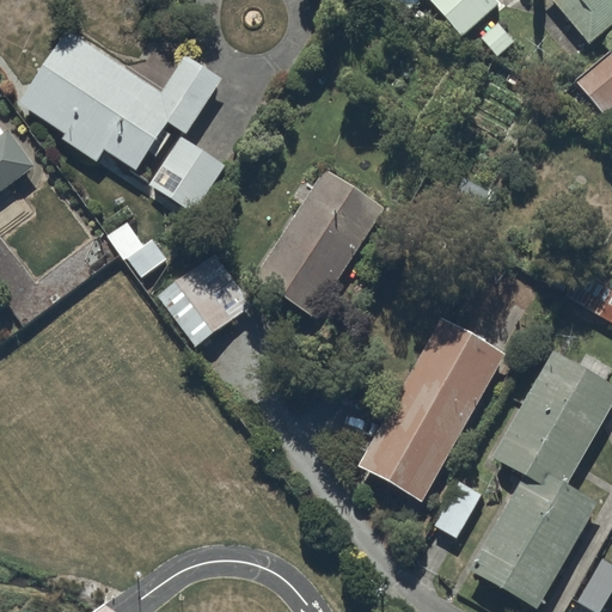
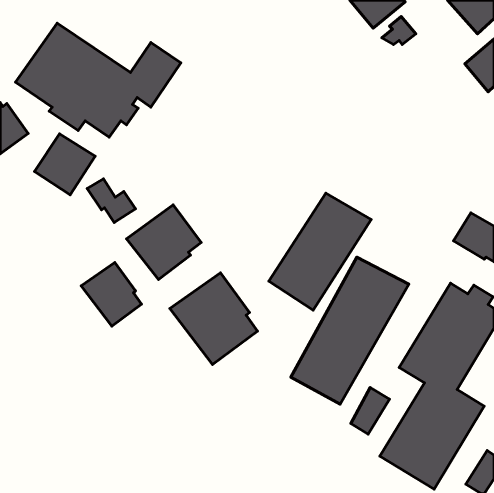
building: [149,137,225,213] -> [34,134,95,195]
building: [257,171,384,316] -> [269,193,371,310]
building: none -> [81,262,142,326]
building: none -> [170,273,258,365]

